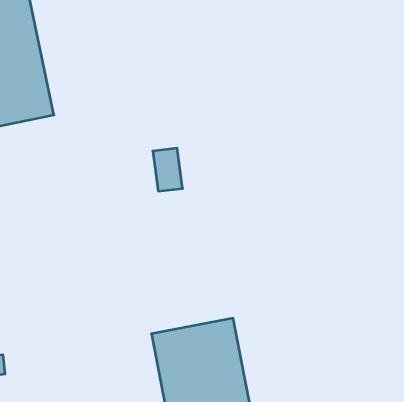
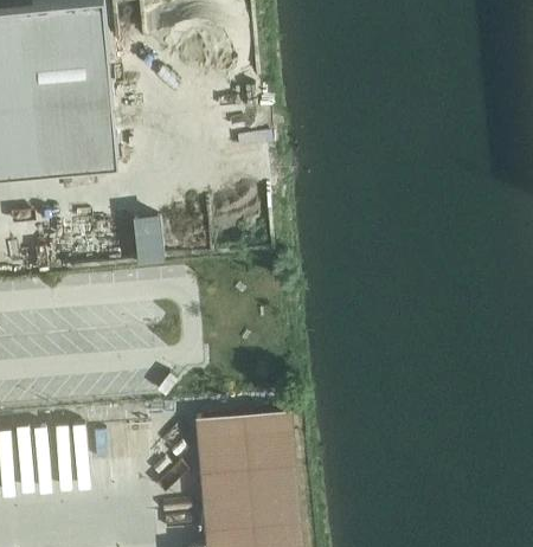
building: [153,148,183,191] -> [136,221,165,266]

